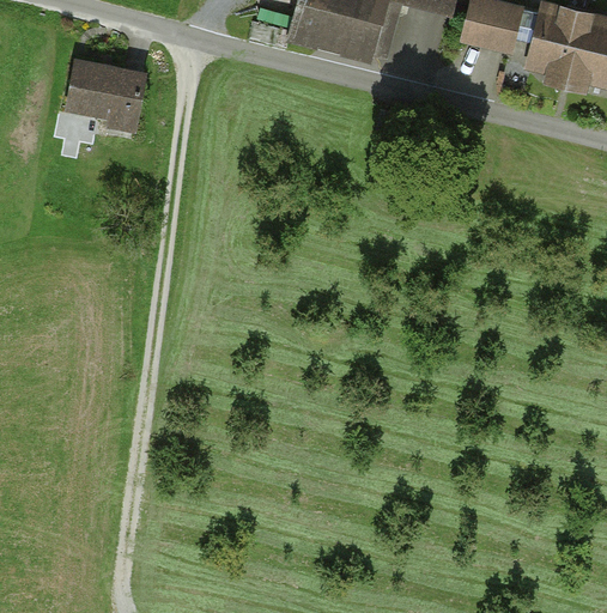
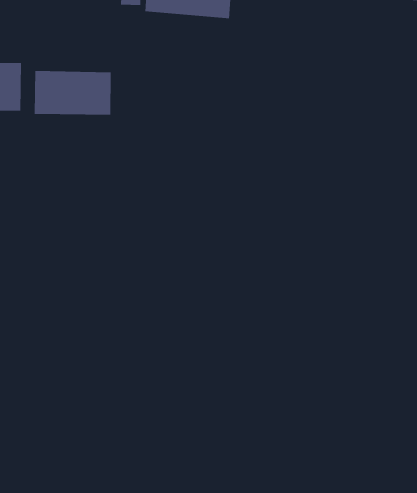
building: none -> [34,70,111,115]

